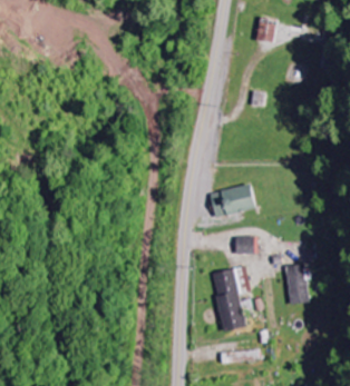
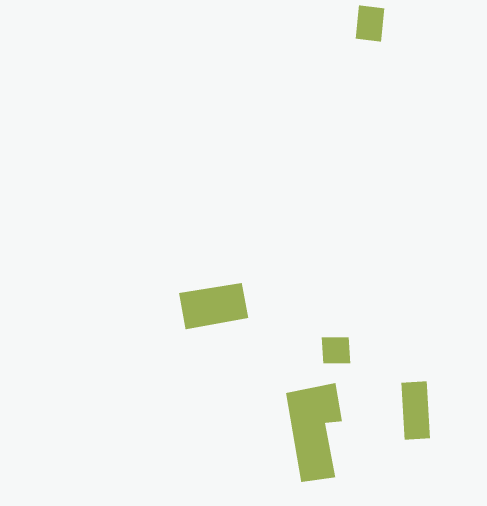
building: [210,185,256,216] -> [178,283,249,330]

